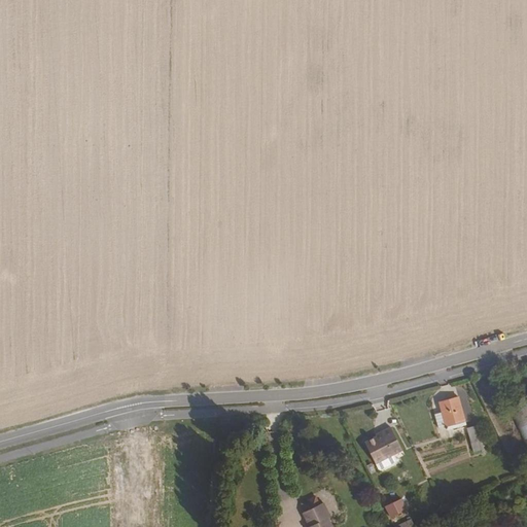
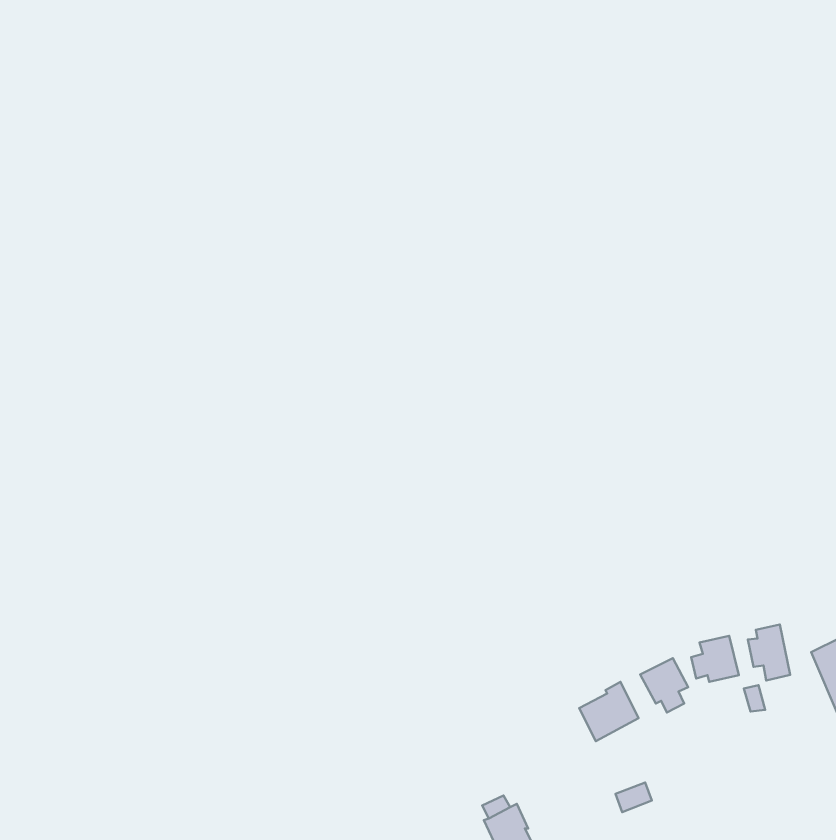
building: none -> [748,625,790,680]
building: none -> [640,658,688,712]

